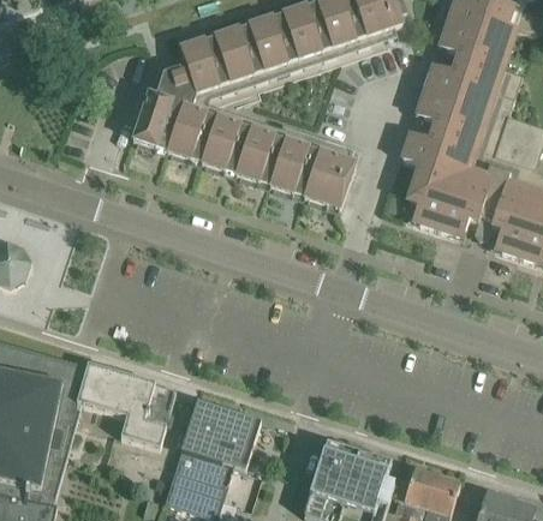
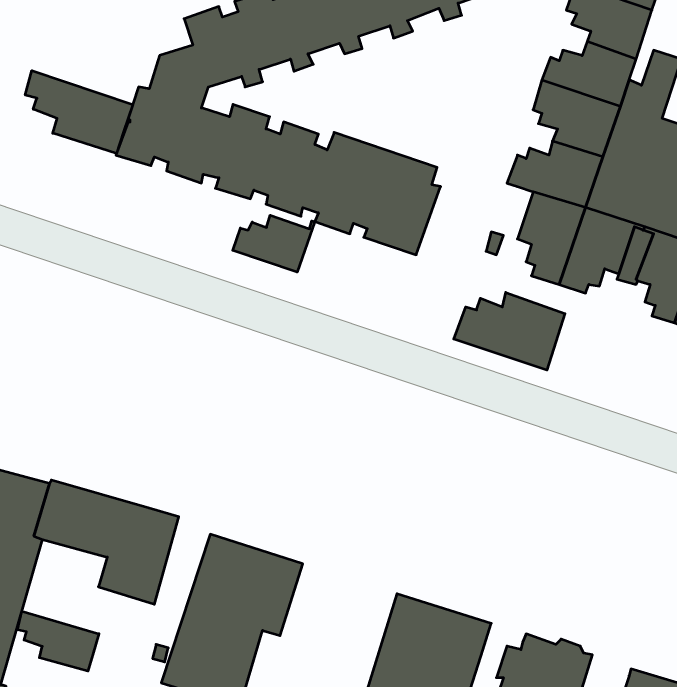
building: none -> [25,71,133,153]
building: none -> [233,215,315,272]
building: none -> [454,292,565,370]
building: none -> [18,611,99,671]

